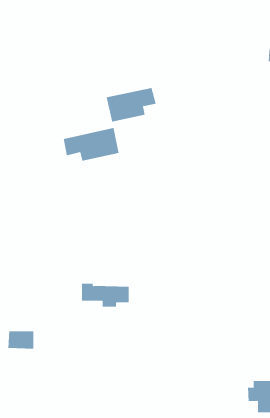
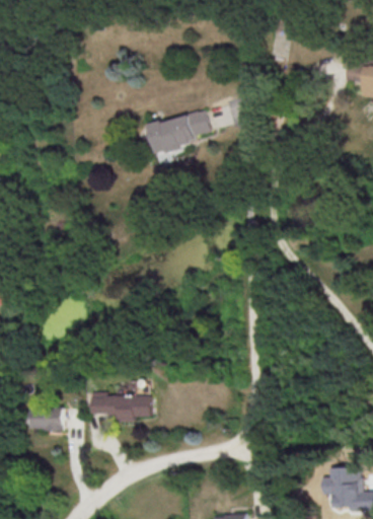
building: [63,127,119,162] -> none
building: [81,283,129,307] -> [89,391,148,421]

